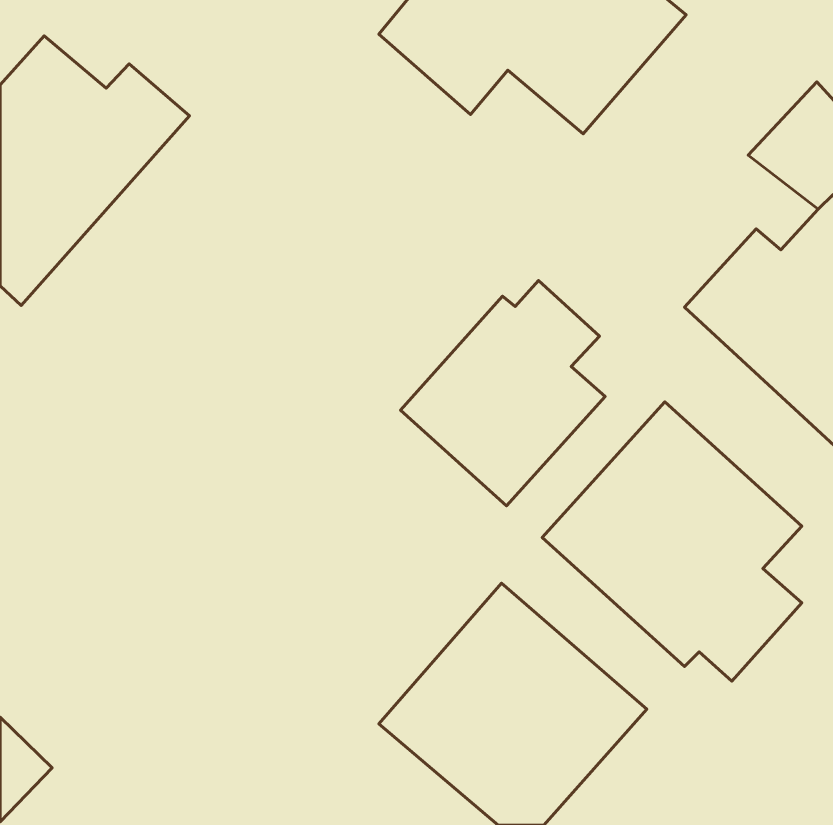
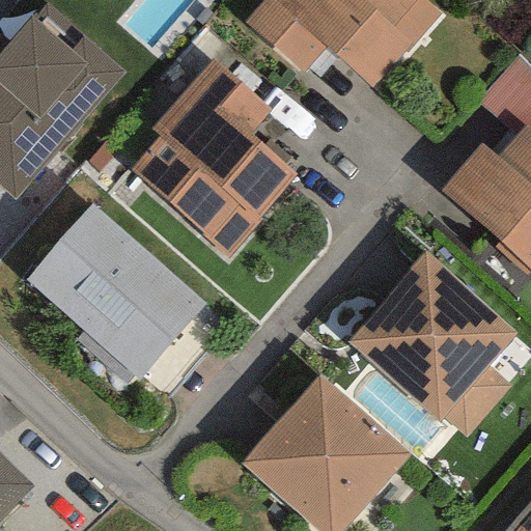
building: none -> [132,56,297,251]
building: [400,281,605,506] -> none
building: none -> [30,203,208,378]

